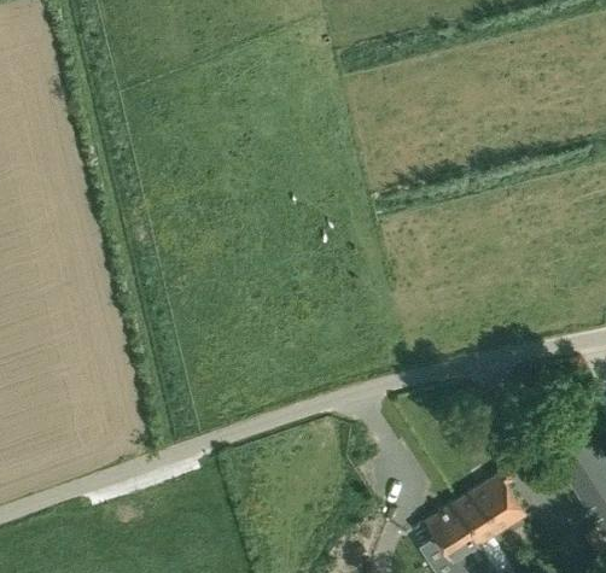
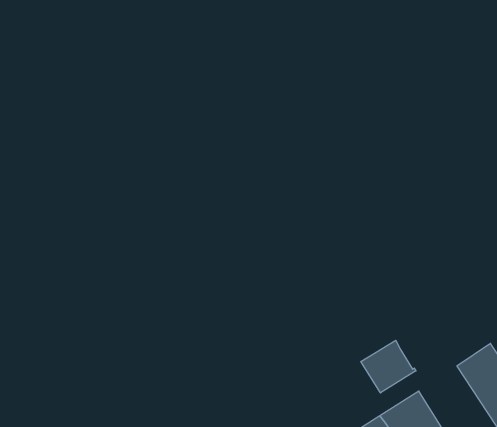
building: none -> [361,340,416,393]

